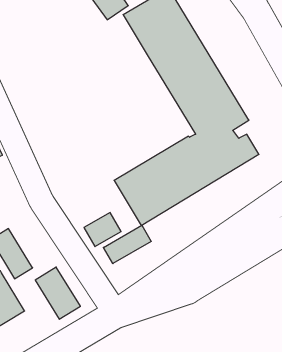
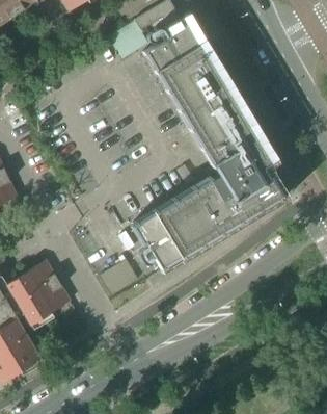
building: [103,225,151,264] -> none
building: [35,267,80,319] -> [25,260,72,314]

